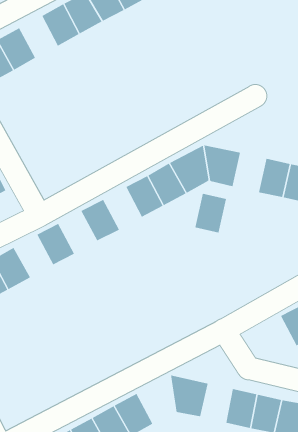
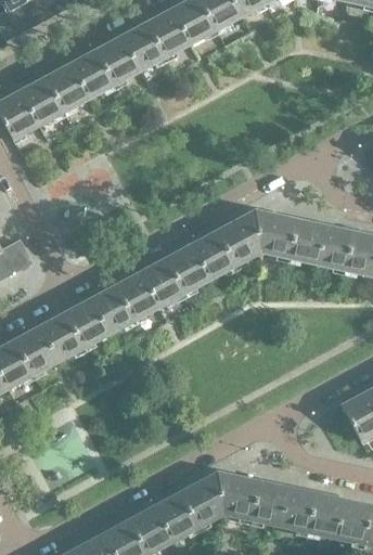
building: none -> [46,63,89,111]
building: none -> [141,257,184,306]
building: [194,193,227,233] -> [288,218,325,263]
building: none -> [90,284,133,333]
building: none -> [39,311,83,360]
building: none -> [179,470,223,526]
building: none -> [252,480,287,525]

